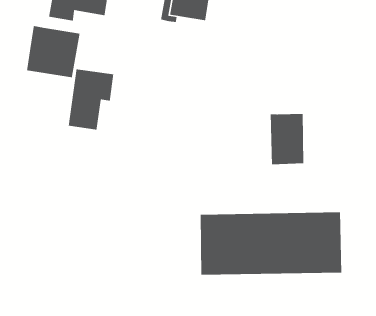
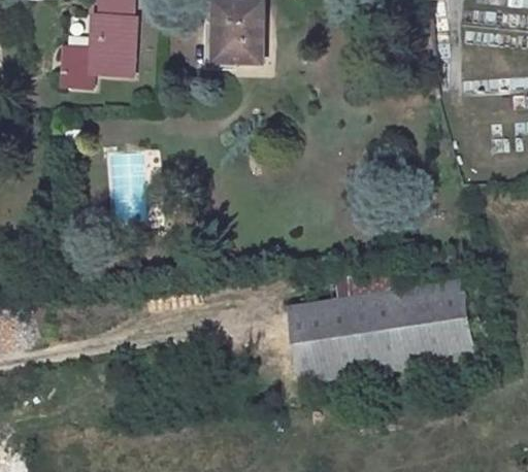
building: [26,25,80,78] -> none
building: [270,113,304,165] -> none

